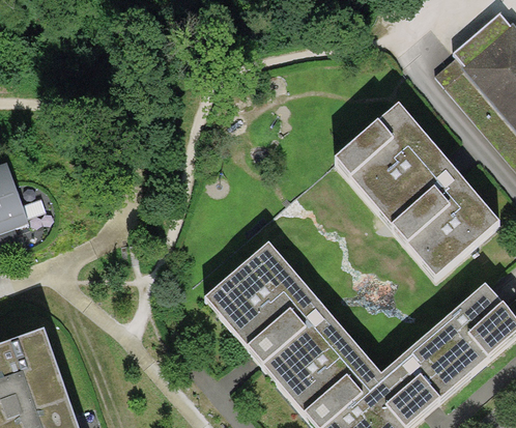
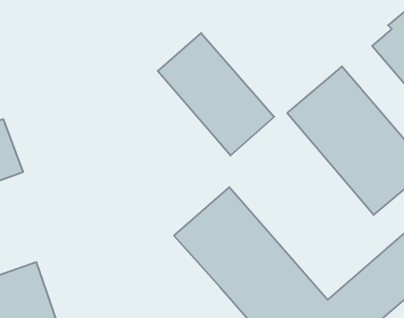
building: none -> [158,33,274,156]

